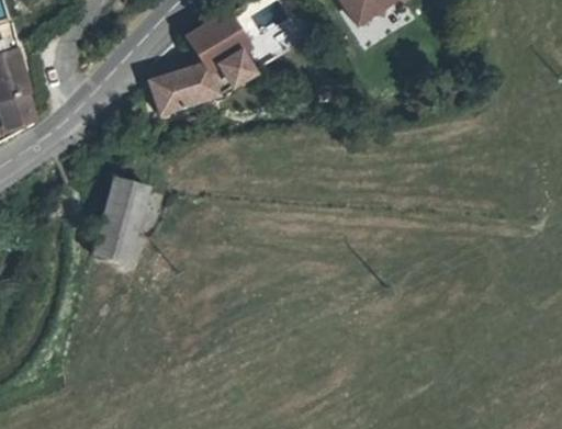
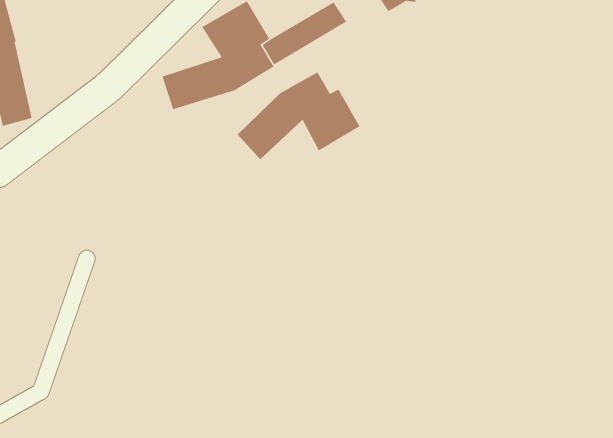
building: none -> [237,71,361,160]
building: [93,184,153,269] -> none

